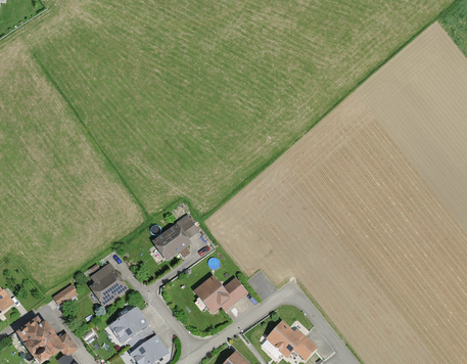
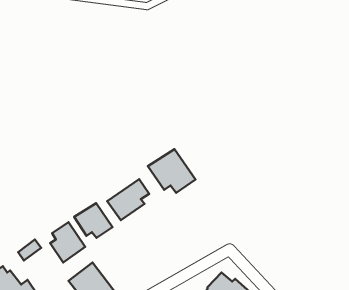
building: none -> [148,149,195,193]
building: none -> [74,203,112,238]
building: [190,274,243,314] -> none

